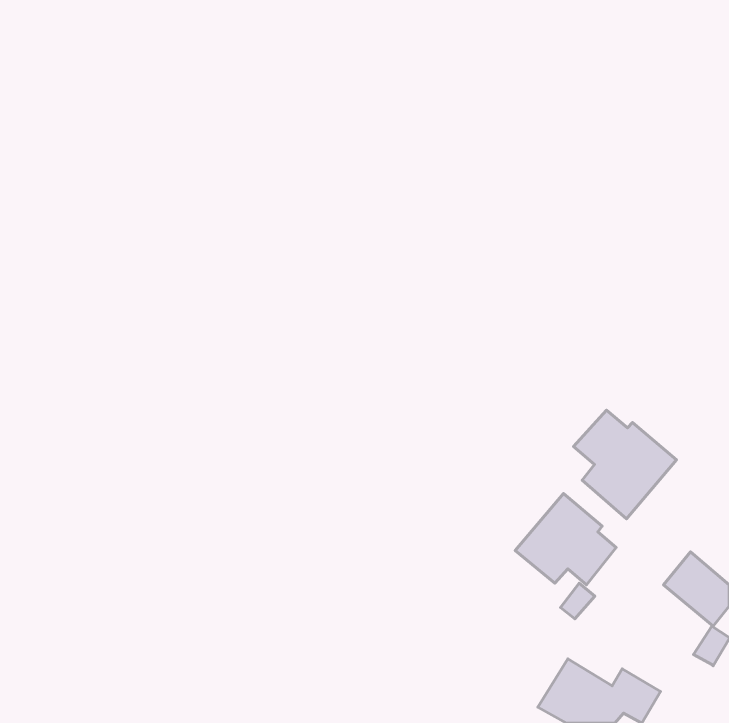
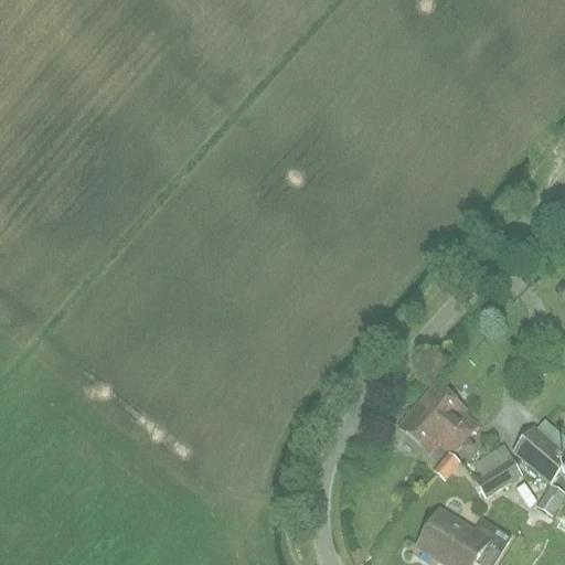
building: [573,410,676,519] -> none
building: none -> [476,459,521,497]

